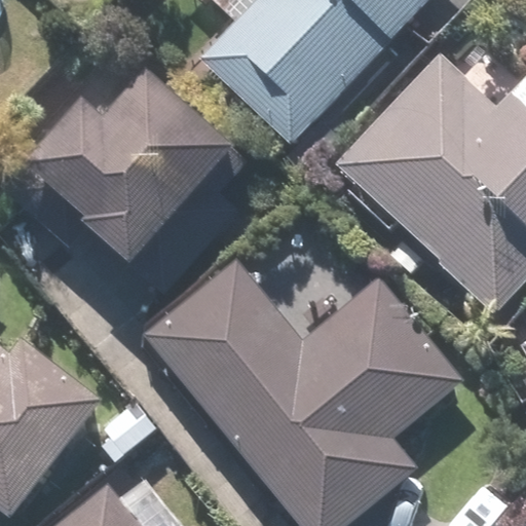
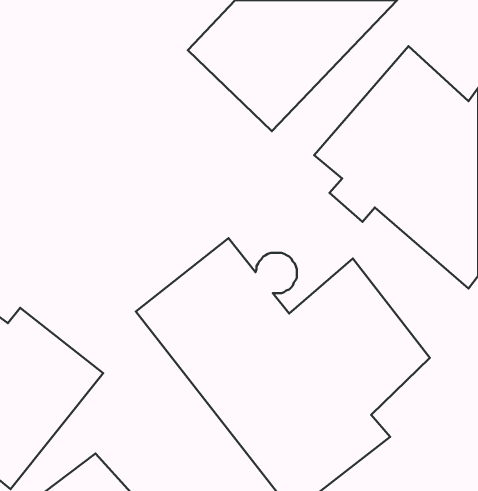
building: [40,67,250,260] -> none

